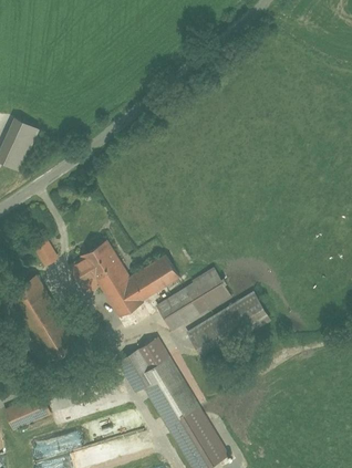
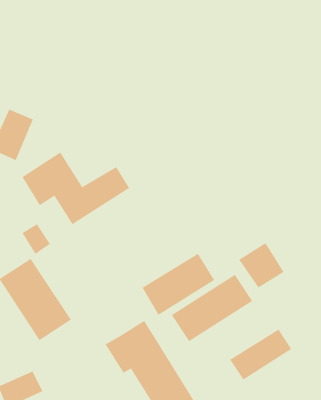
building: [66,238,180,315] -> [22,152,130,225]
building: none -> [238,242,284,289]
building: none -> [229,329,292,381]

